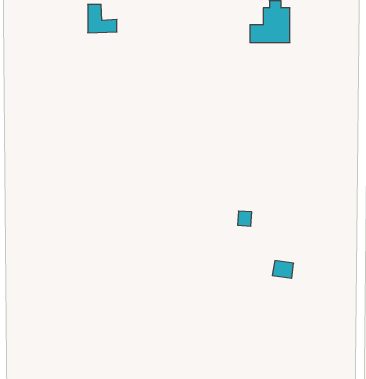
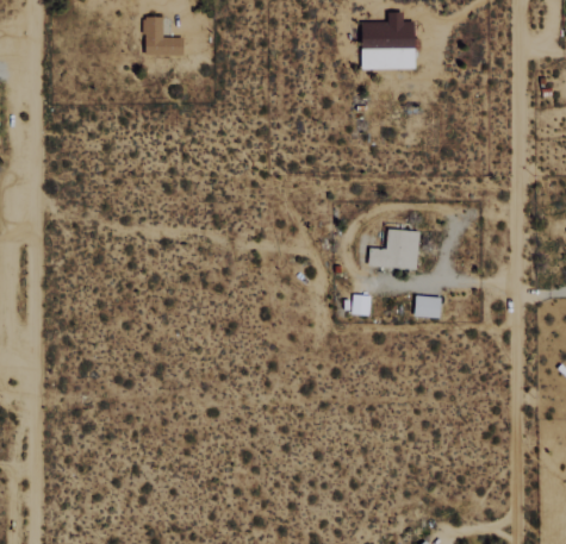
building: none -> [367,229,417,270]
building: [272,261,294,278] -> [410,295,439,319]

